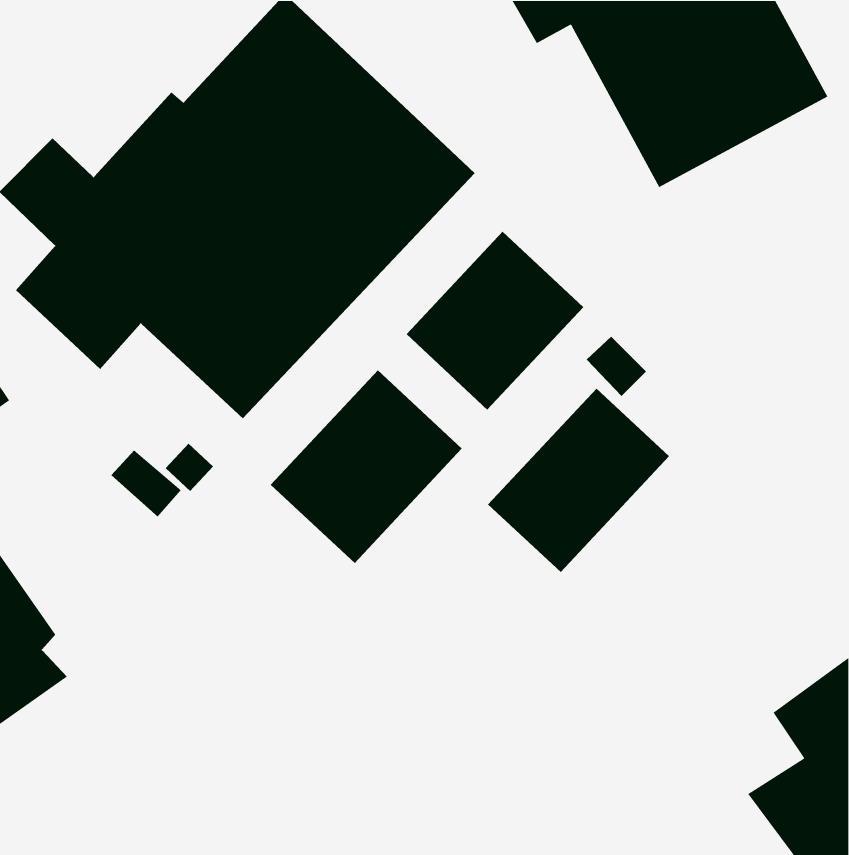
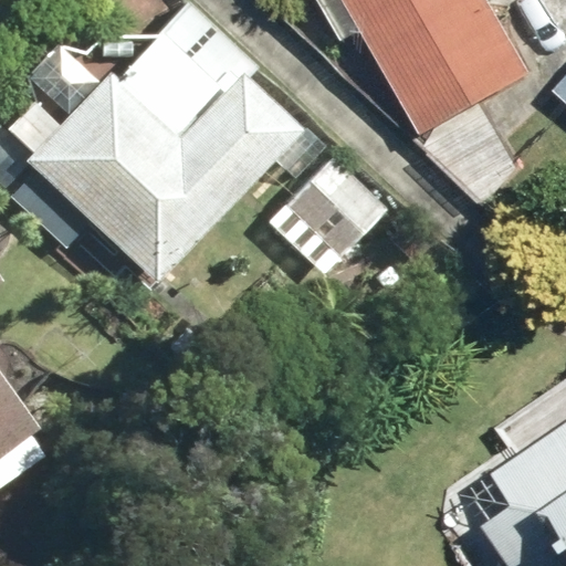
building: [270,369,463,564] -> none
building: [487,388,670,573] -> none

